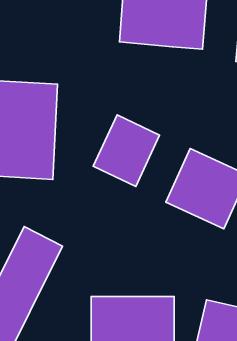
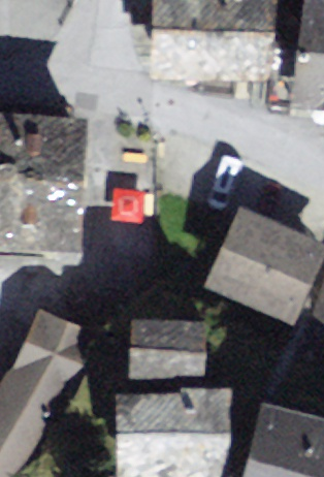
building: [93,115,160,186] -> none
building: none -> [134,315,202,373]

